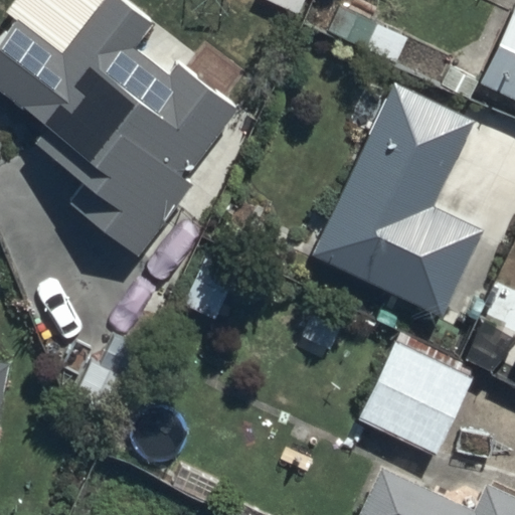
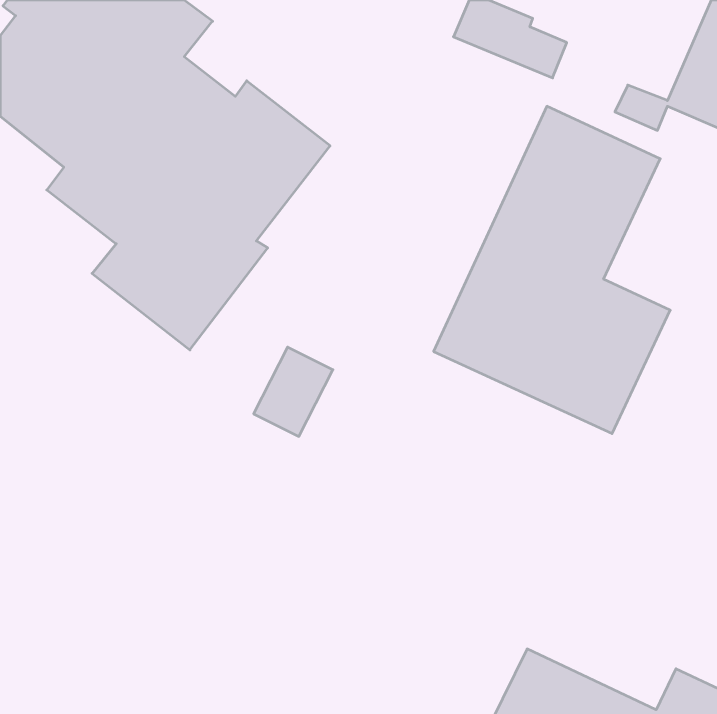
building: [358,341,472,456] -> none

